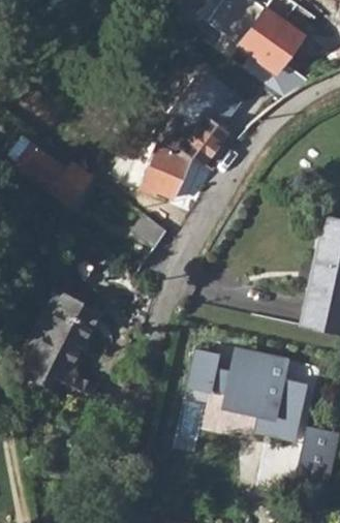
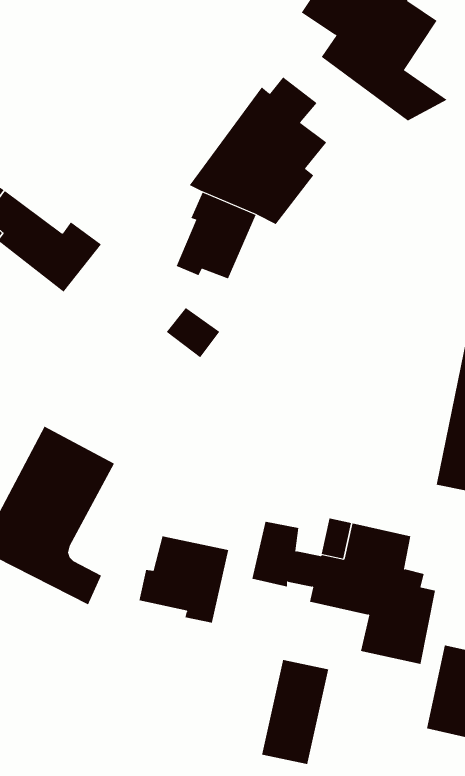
building: none -> [139,535,229,624]
building: none -> [261,659,329,765]

